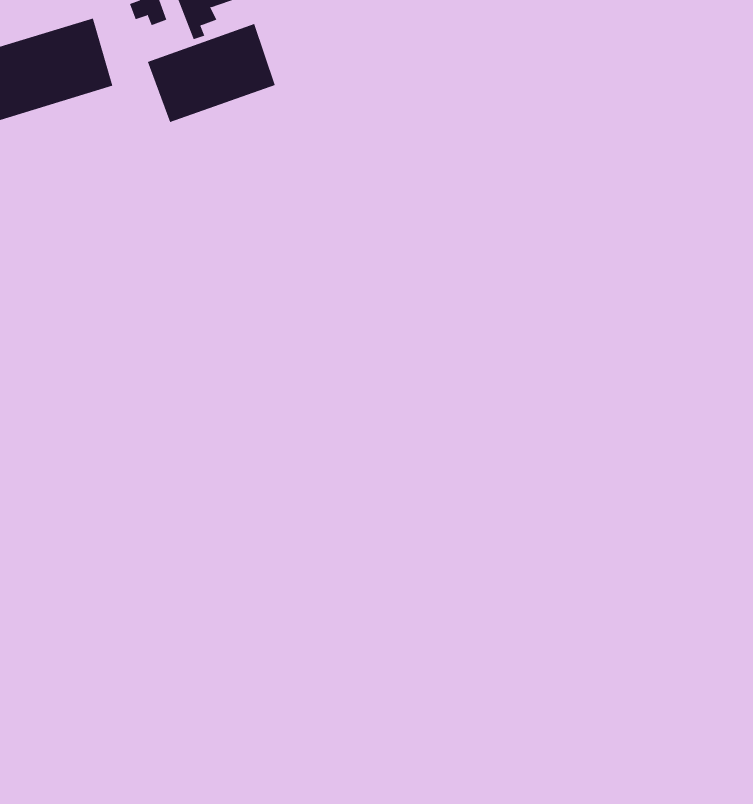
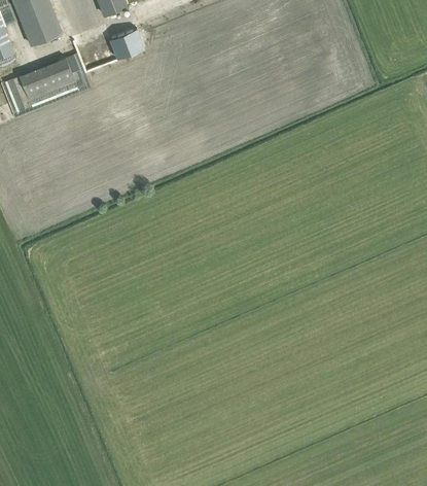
building: [147,23,275,123] -> none

